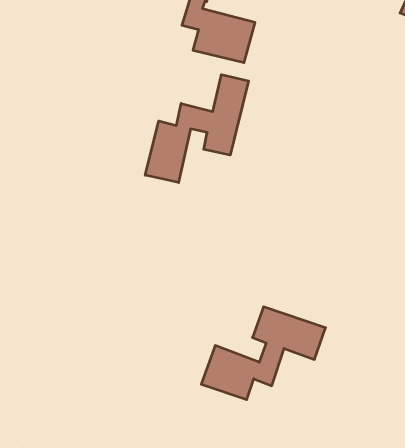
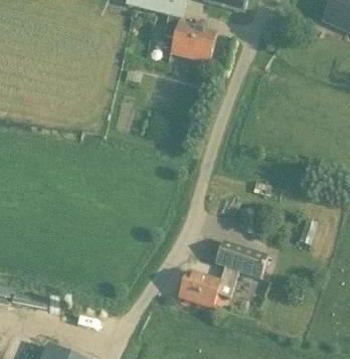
building: [145,75,249,183] -> none

